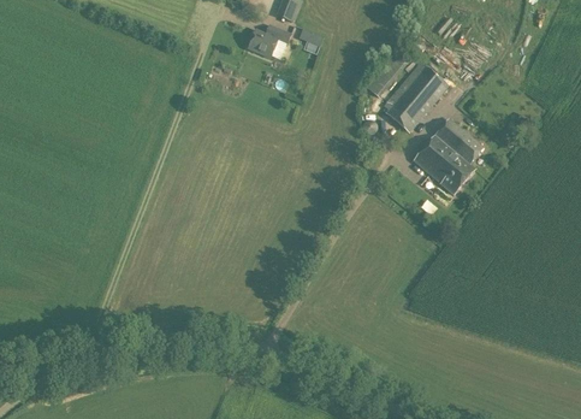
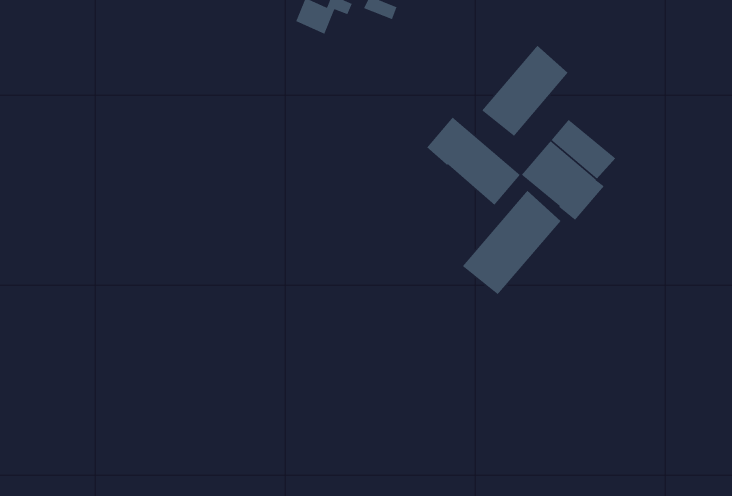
building: none -> [426,116,521,206]
building: none -> [462,190,561,295]

